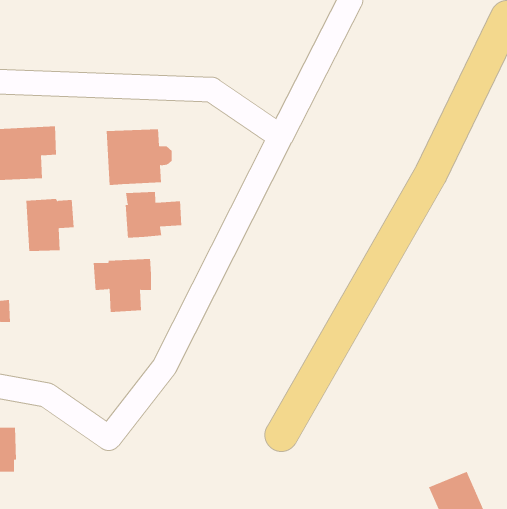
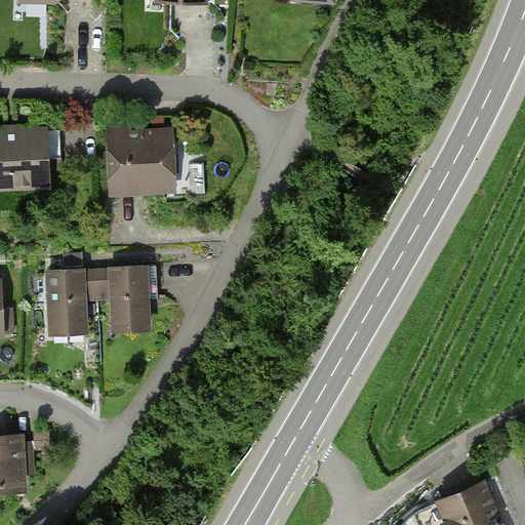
building: [125,191,182,238] -> none
building: [26,199,75,251] -> [47,270,97,324]

